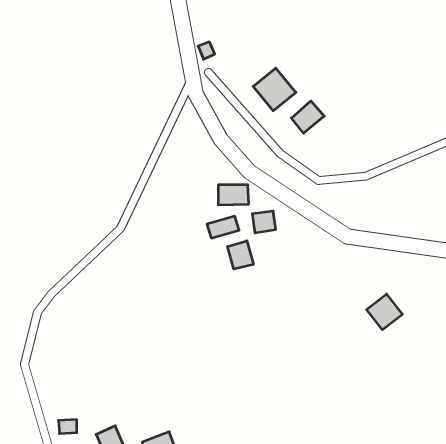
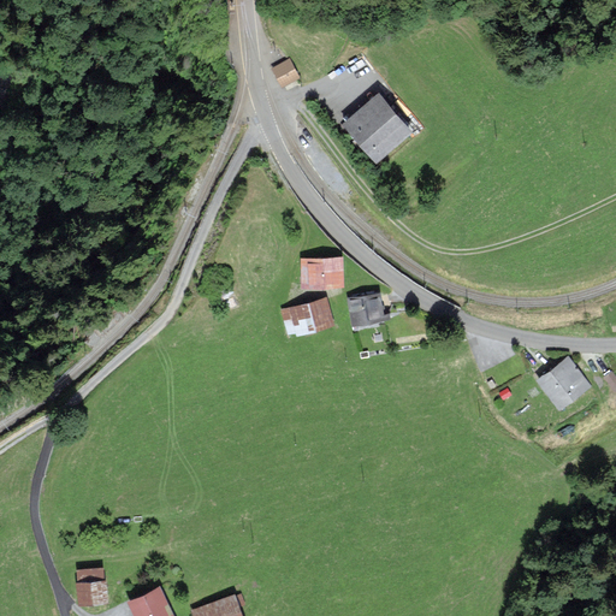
building: [291,101,324,133] -> none
building: [228,241,253,269] -> none
building: [367,294,402,330] -> [540,359,590,408]

